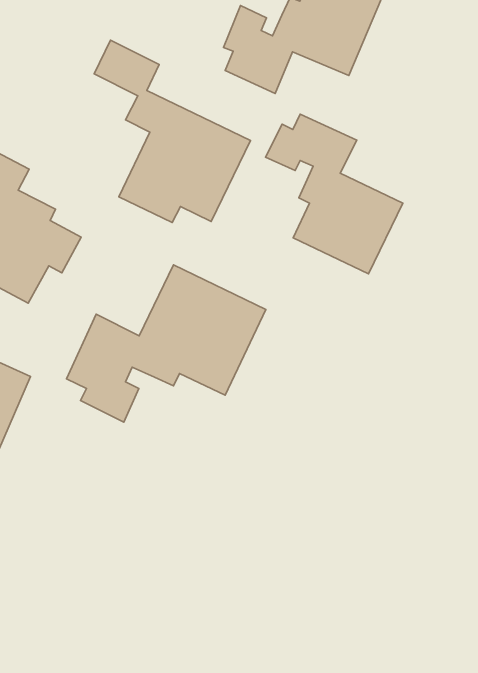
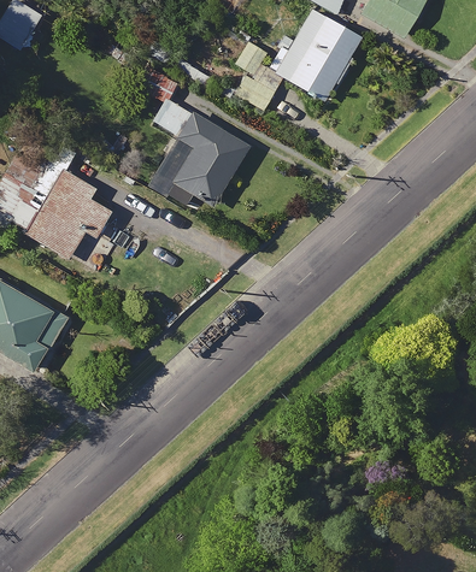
building: [266,114,403,274] -> none
building: [67,265,266,422] -> none

